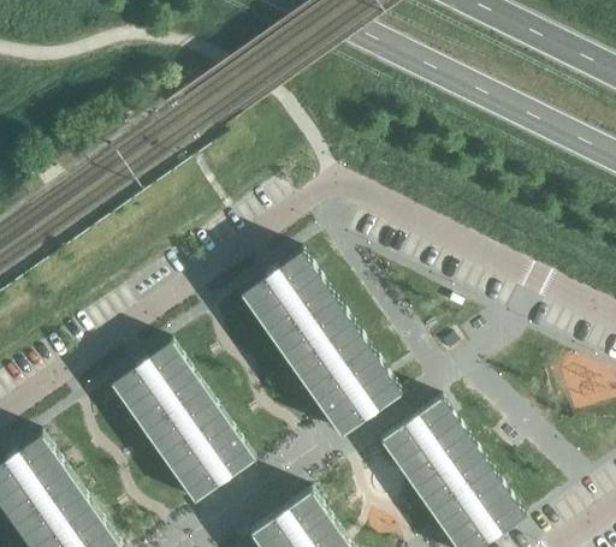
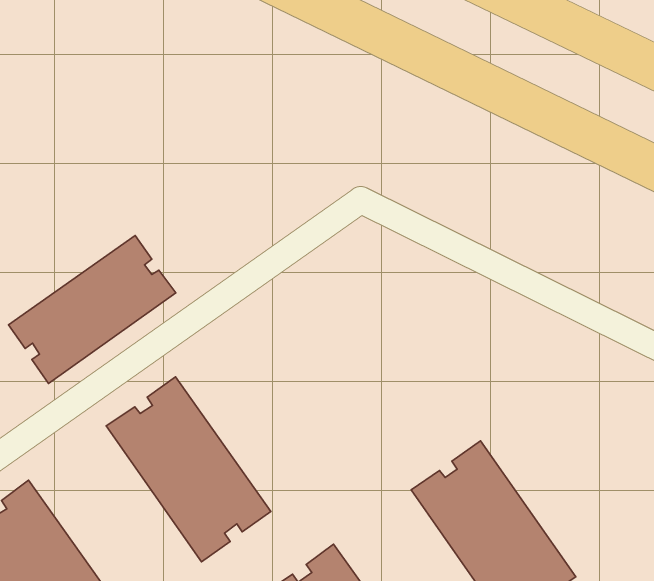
building: none -> [8,235,176,383]
building: [241,251,403,438] -> none

